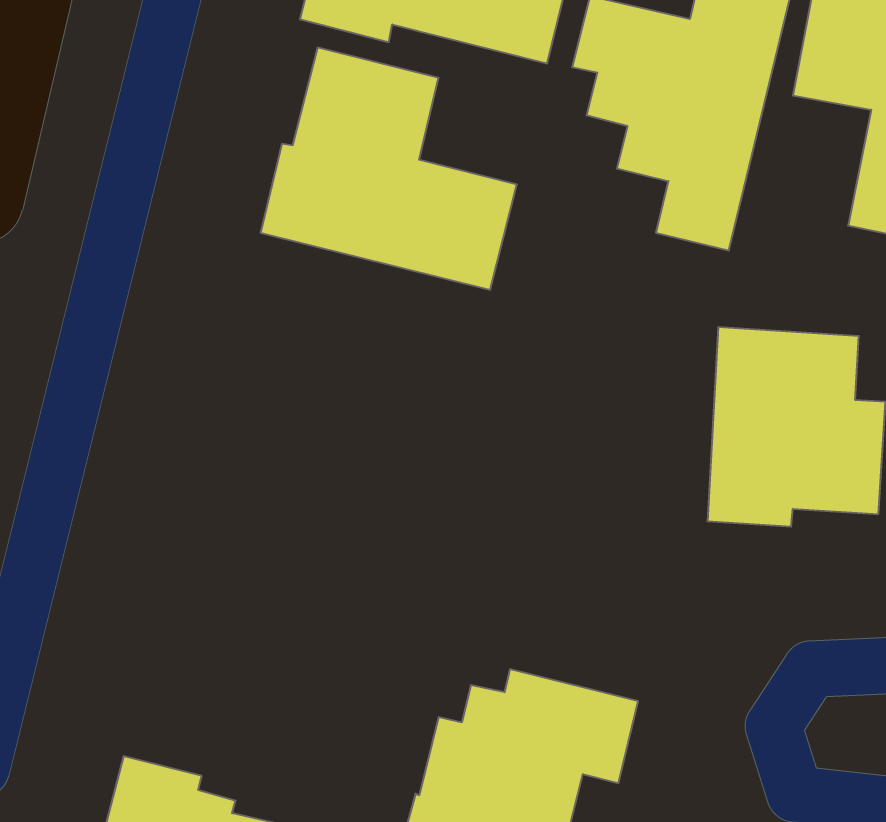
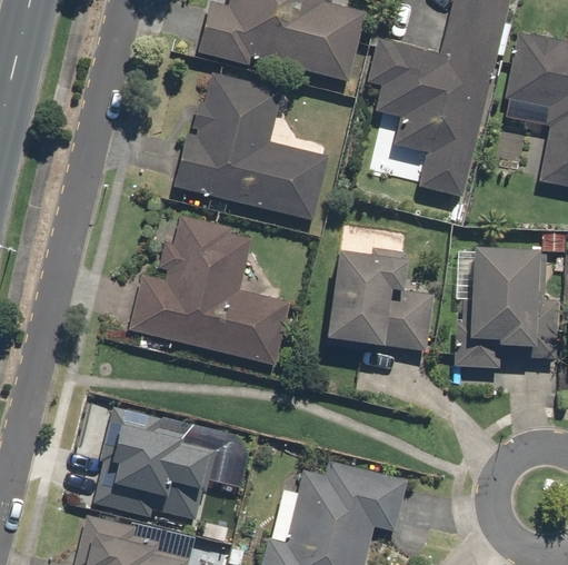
building: none -> [128,214,291,366]
building: none -> [329,246,436,353]
building: none -> [92,405,248,517]

